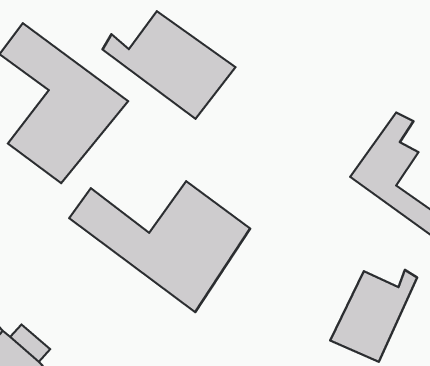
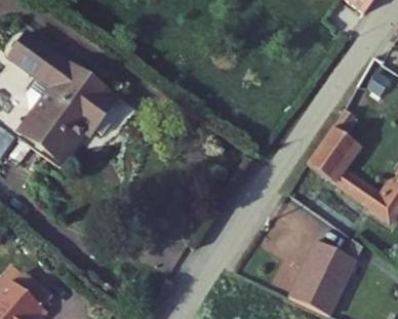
building: [102,11,235,119] -> none
building: [69,181,250,312] -> none

